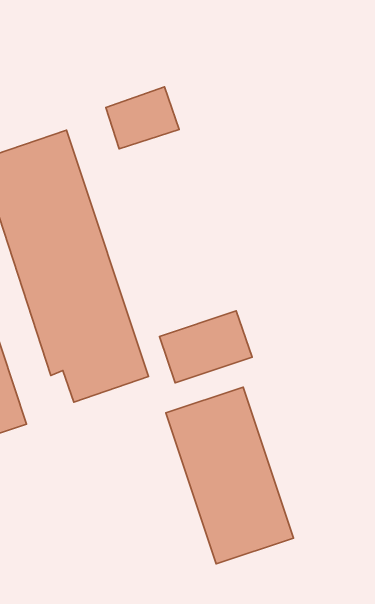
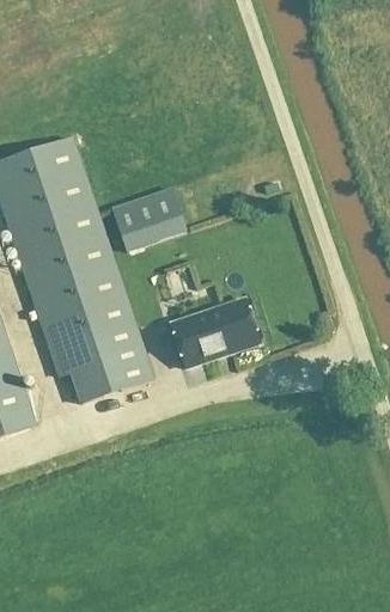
building: [106,87,179,149] -> [114,186,185,247]
building: [166,387,293,564] -> none

